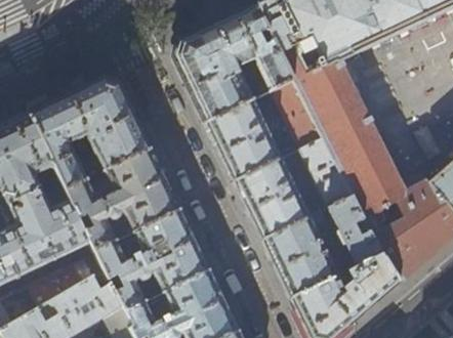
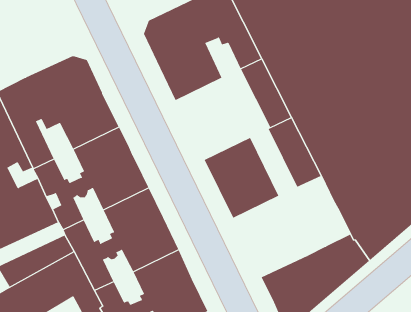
building: [207,100,282,181] -> none
building: [328,198,381,267] -> none
building: [264,211,338,298] -> none

